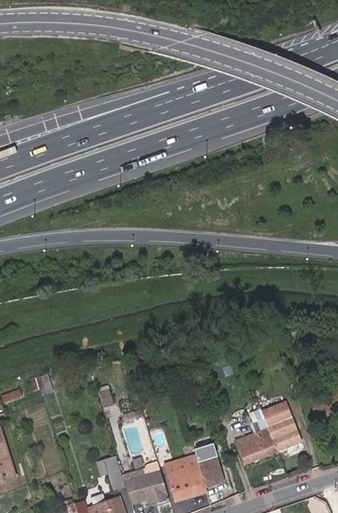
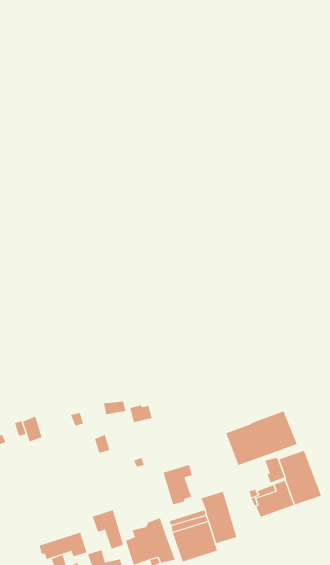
building: none -> [225,410,298,466]
building: none -> [163,464,192,505]
building: none -> [39,532,87,560]

